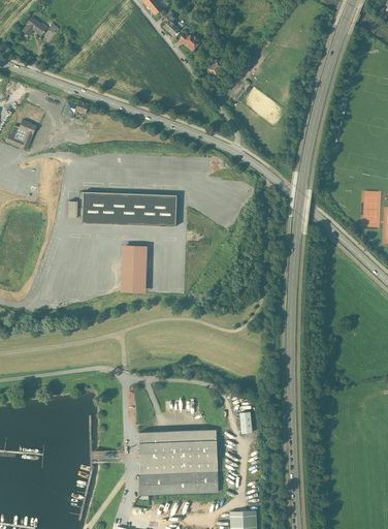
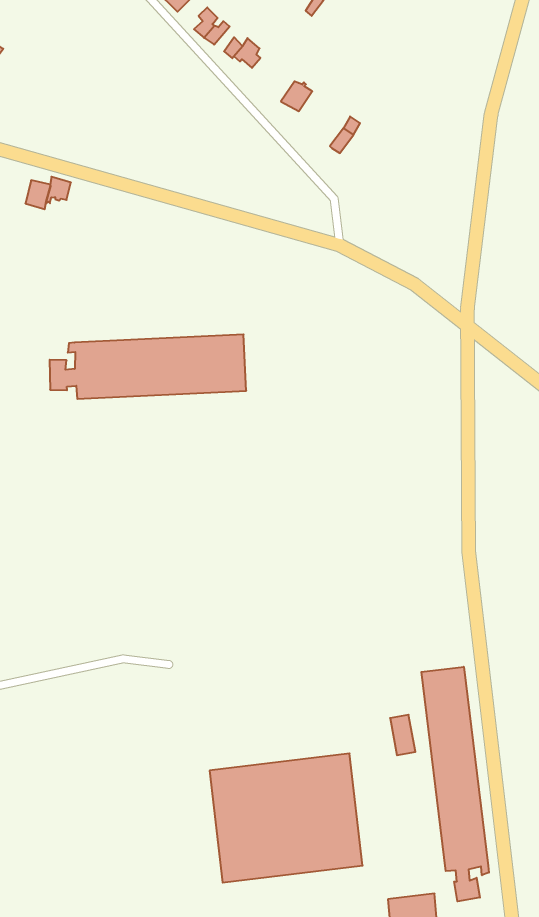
building: [121,244,149,293] -> none
building: none -> [421,667,489,901]

